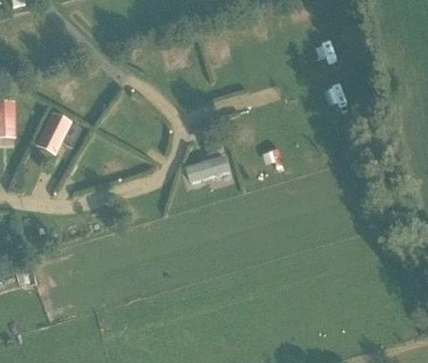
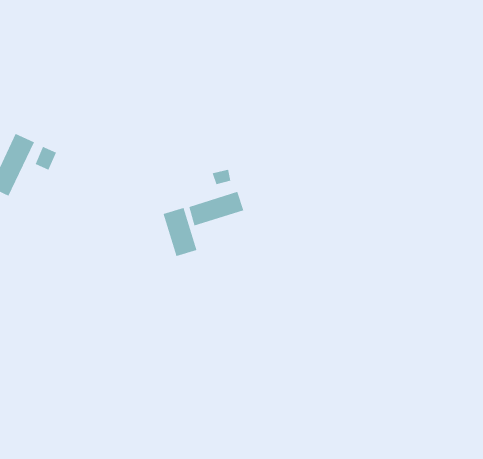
building: none -> [163,207,197,257]

